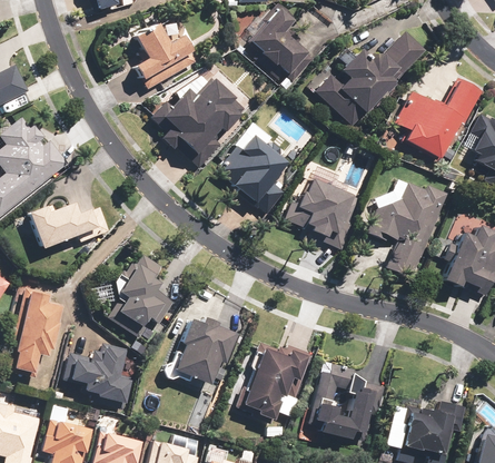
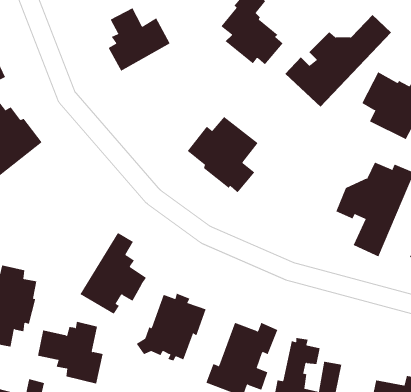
building: [151,78,247,168] -> none
building: [286,177,358,250] -> none
building: [30,201,109,248] -> none

